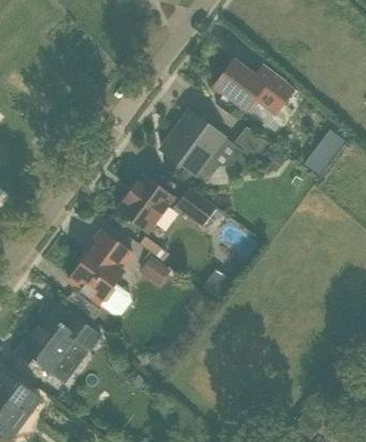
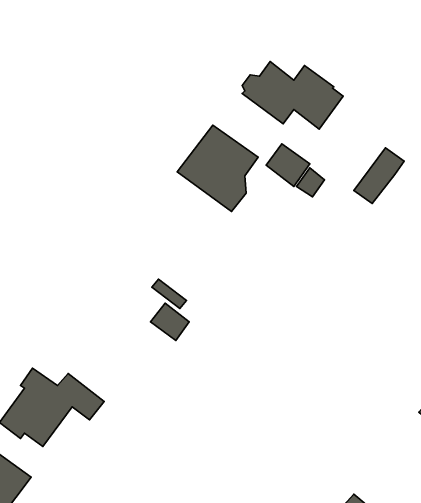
building: [117,174,175,234] -> none
building: [178,187,218,225] -> none
building: [69,231,134,304] -> none

